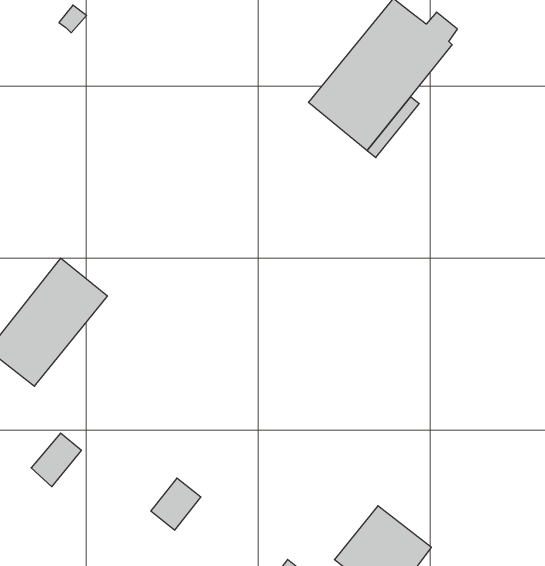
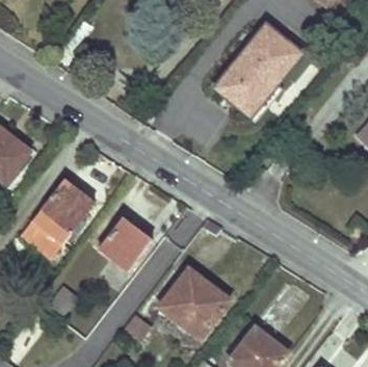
building: none -> [100,218,151,269]
building: none -> [159,270,227,338]

